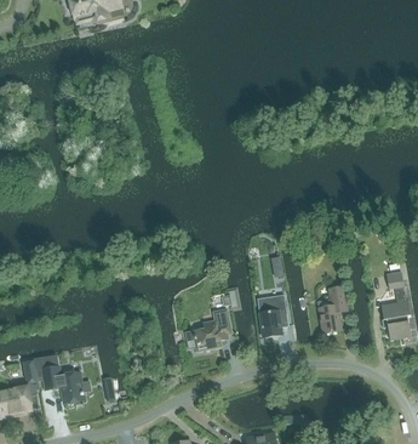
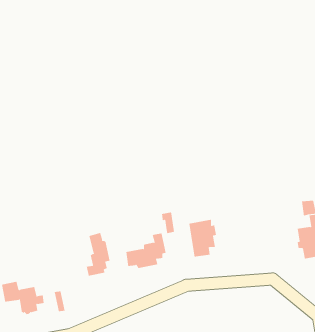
building: [319,285,348,332] -> none
building: none -> [86,232,110,277]

